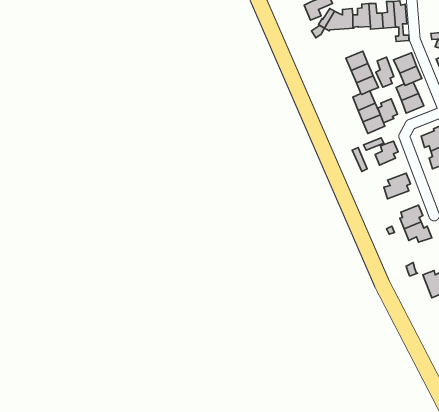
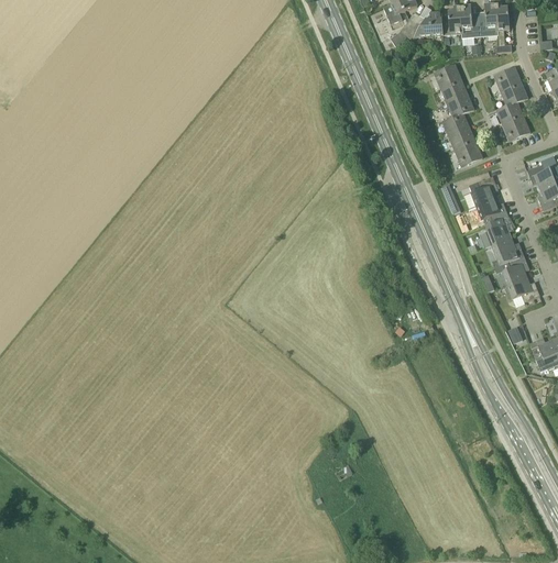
building: [376,57,394,87] -> none
building: [378,99,397,123] -> none
building: none -> [475,197,508,224]
building: none -> [491,238,524,265]

